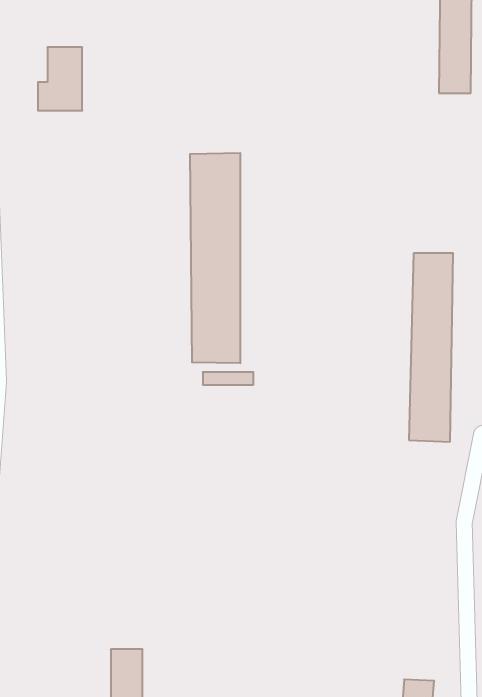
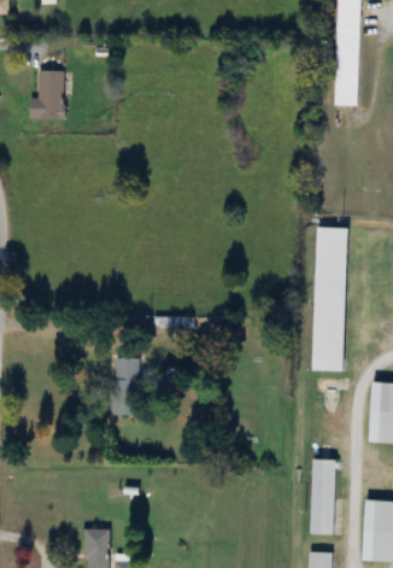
building: [190,153,240,363] -> none
building: none -> [112,358,139,414]
building: none -> [310,458,335,534]

